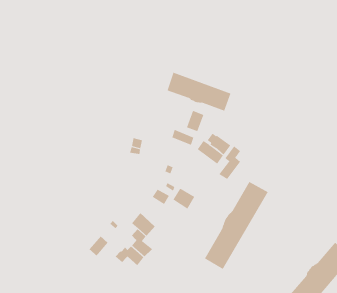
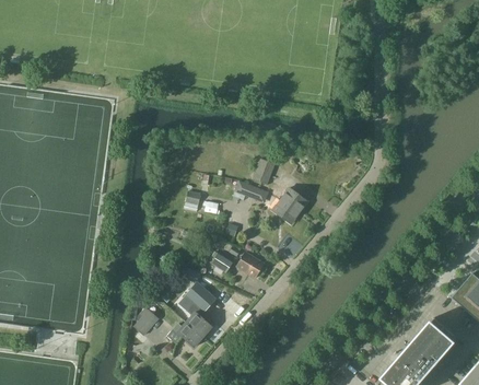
building: [167,72,231,111] -> none
building: [218,146,241,180] -> none
building: [204,181,269,270] -> none

